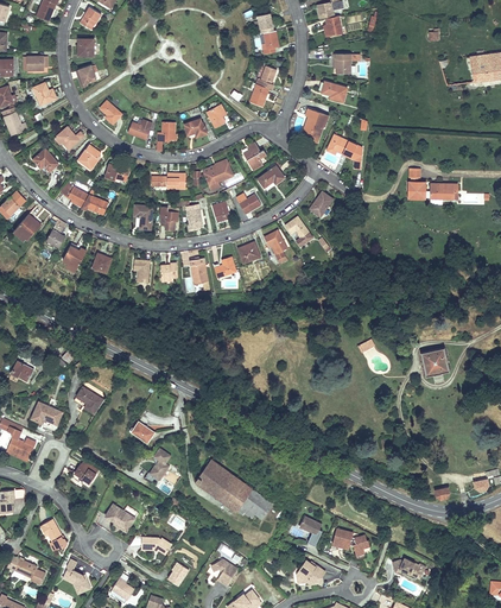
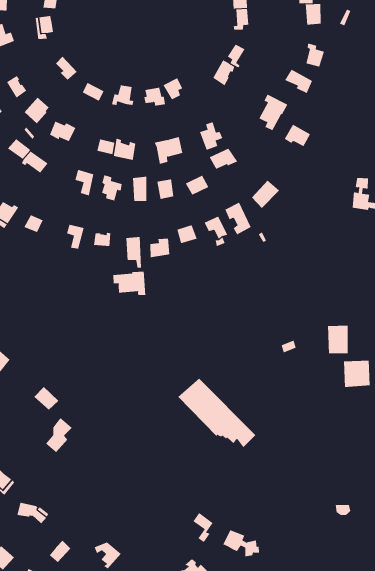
building: none -> [113,271,146,296]
building: none -> [328,325,348,354]
building: [191,458,272,519] -> [178,378,256,448]

